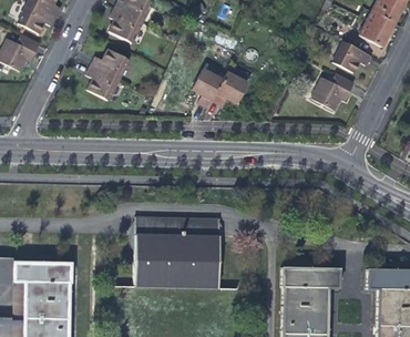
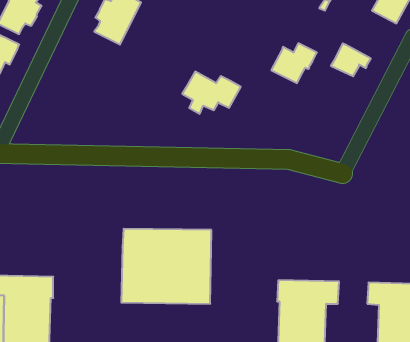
building: [359,11,394,48] -> none
building: [86,50,130,101] -> none
building: [310,73,353,111] -> [271,43,317,83]

